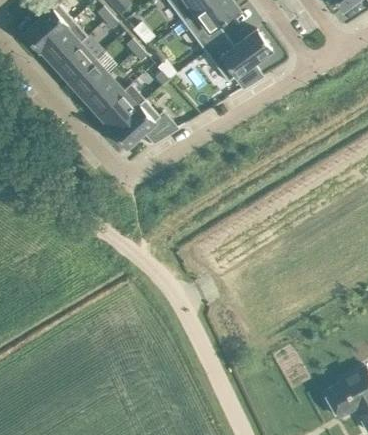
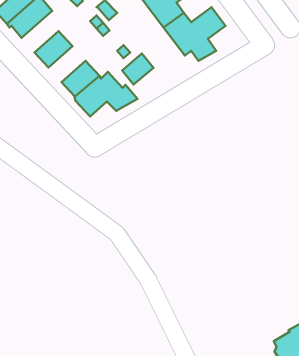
building: [52,33,92,78] -> none
building: [81,71,121,110] -> none
building: none -> [122,54,153,85]

